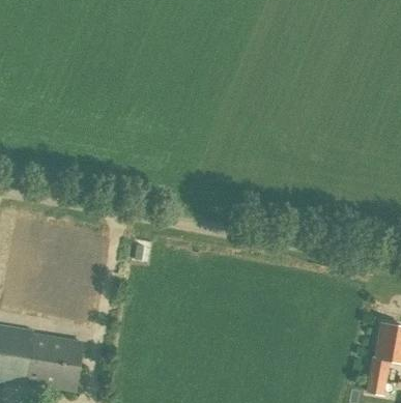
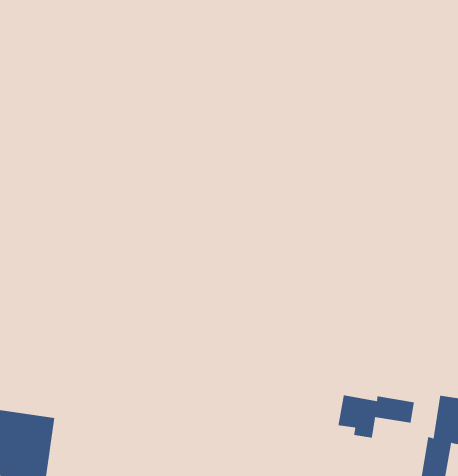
building: none -> [338,395,414,439]

